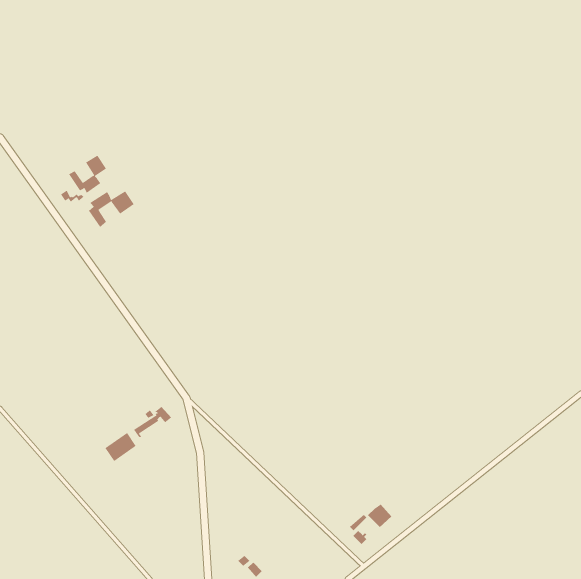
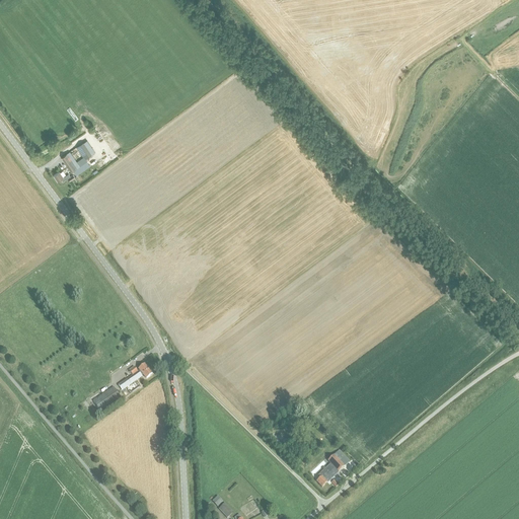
building: [88,191,134,228] -> none

